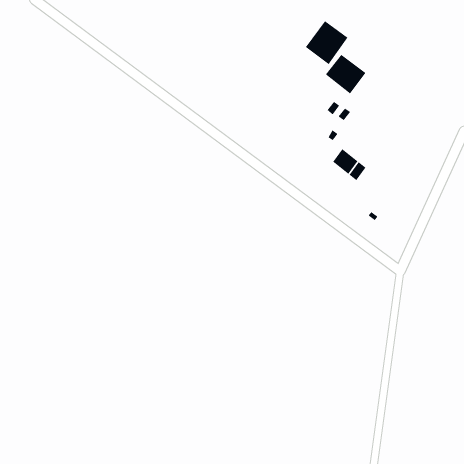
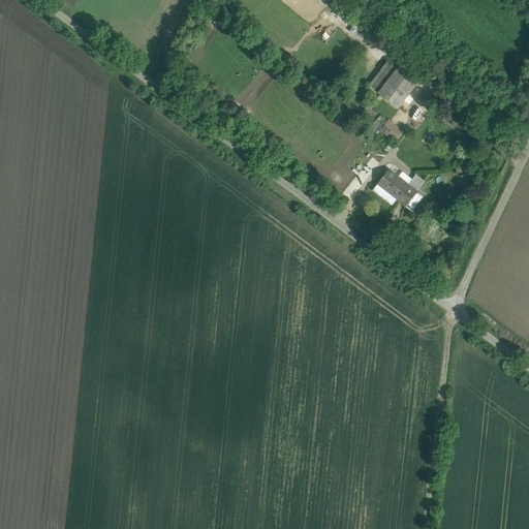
building: [305,20,349,65] -> none

